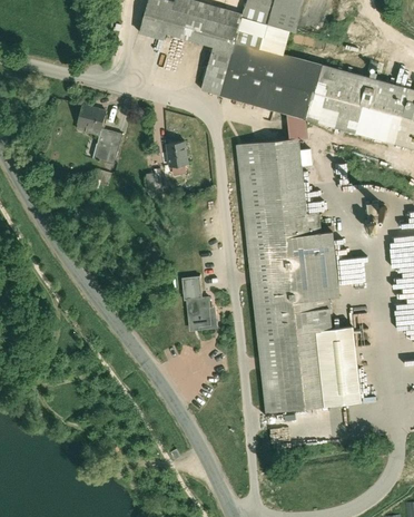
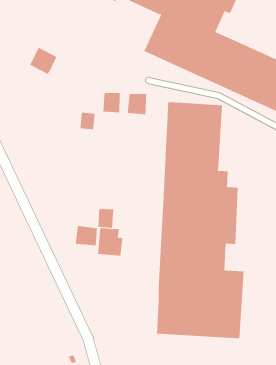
building: [90,129,117,163] -> none
building: none -> [127,93,147,115]
building: none -> [75,225,97,246]

